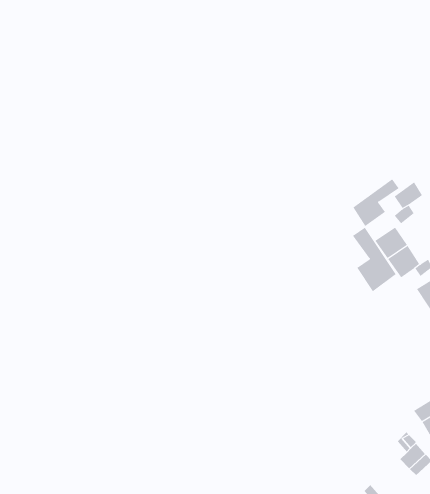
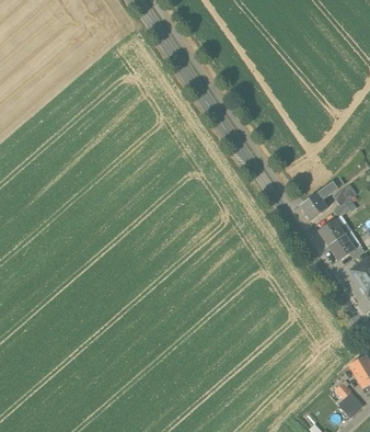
building: [352,227,397,292] -> none

